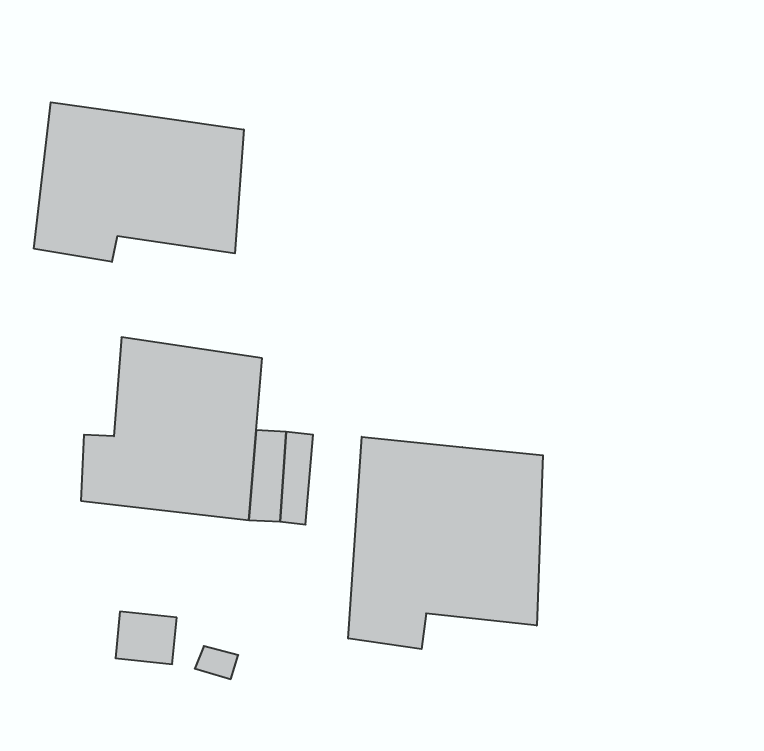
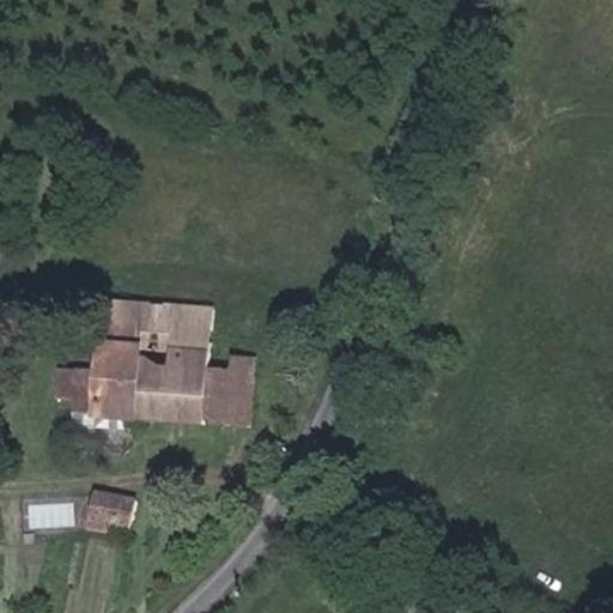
building: [34,102,244,262] -> none
building: [348,437,543,649] -> none

